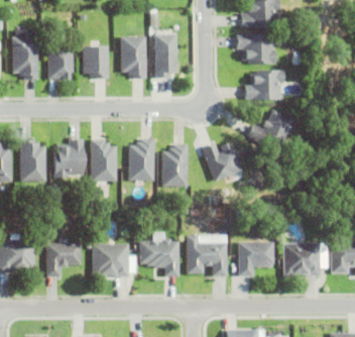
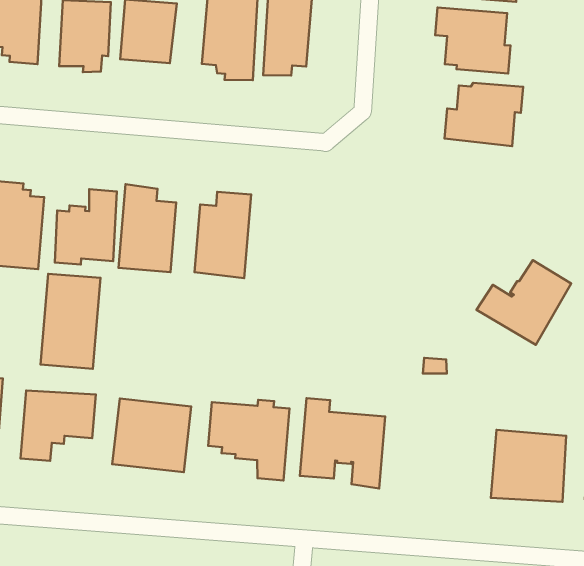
building: [247,112,293,154] -> [477,260,571,345]
building: [204,145,243,185] -> none
building: [163,147,189,190] -> none
building: none -> [40,274,100,369]
building: [239,245,274,280] -> none

